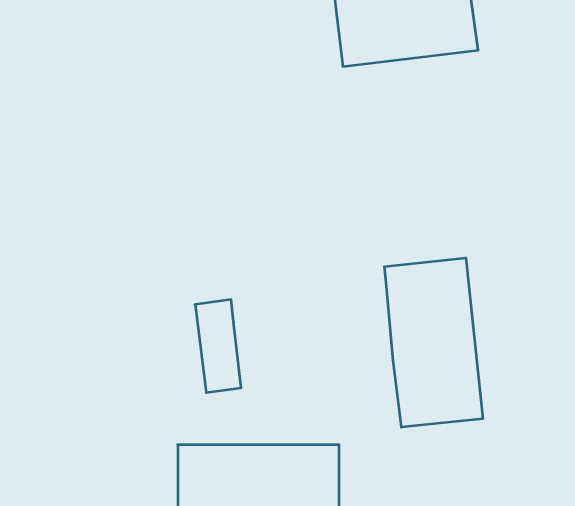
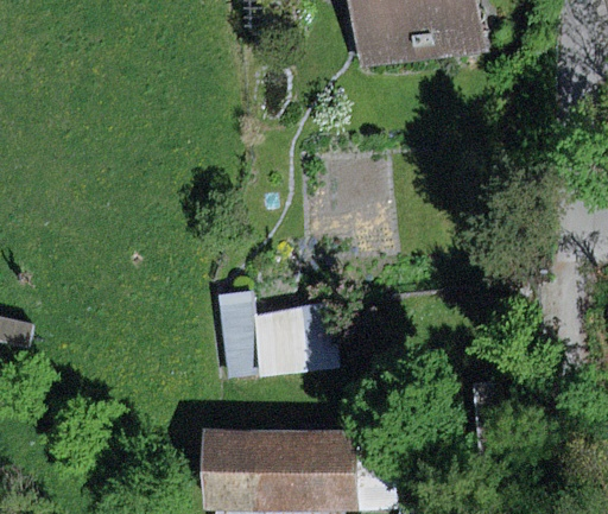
building: [384,258,483,427] -> none
building: none -> [254,304,338,375]

